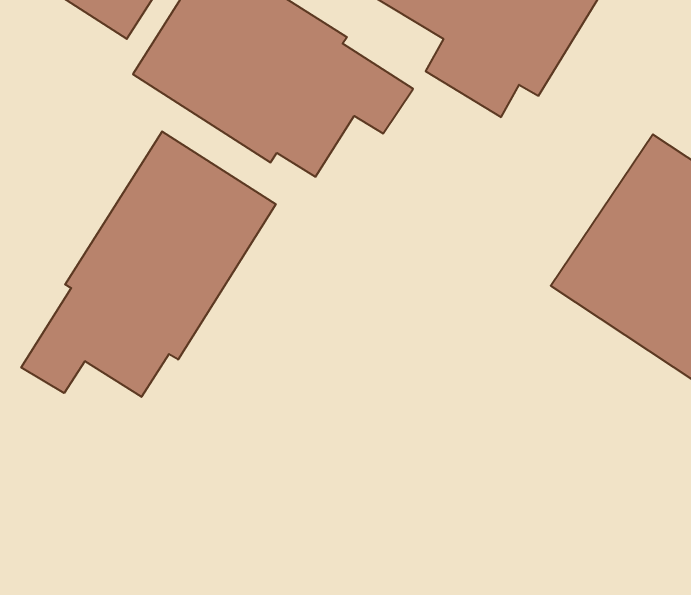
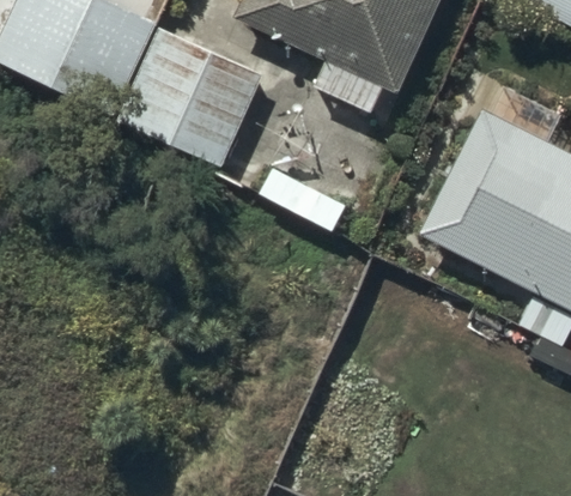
building: [21,131,276,397] -> none

